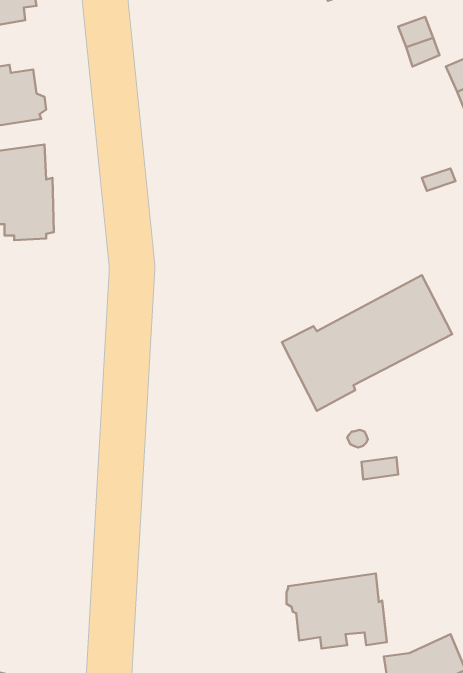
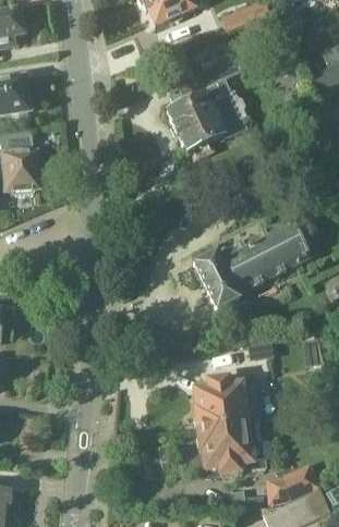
building: none -> [168,56,247,159]
building: none -> [195,378,259,429]

